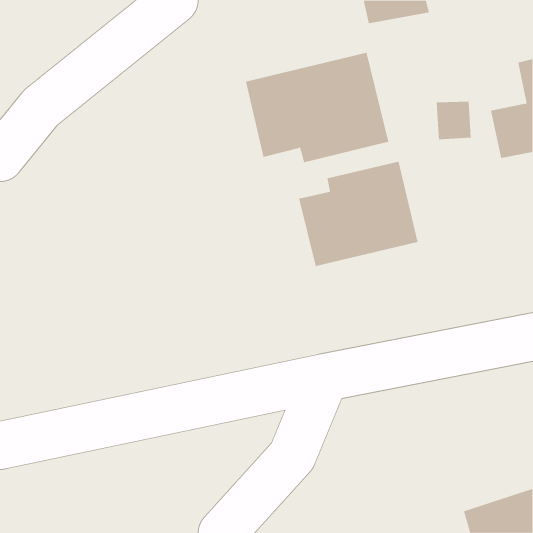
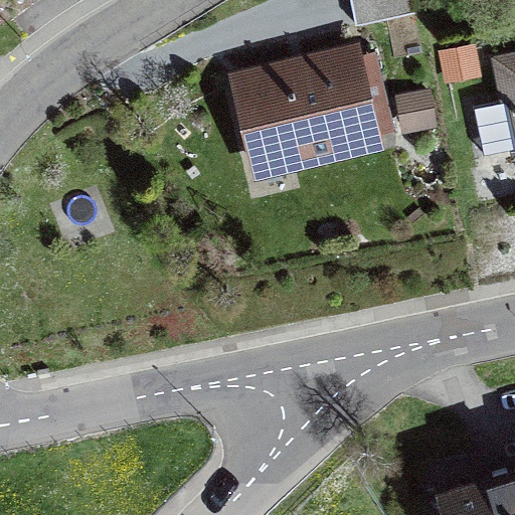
building: [299,161,418,267] -> none

